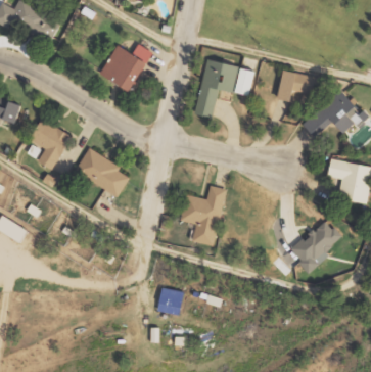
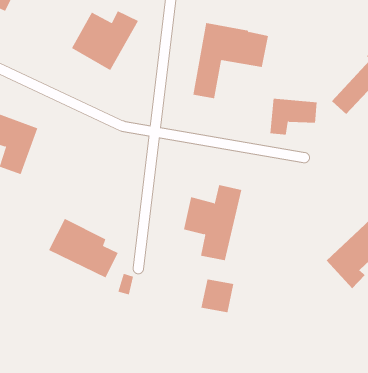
building: [279,72,318,101] -> [270,98,317,135]
building: [74,148,129,197] -> [48,218,119,278]
building: [157,288,185,316] -> [200,279,234,313]

